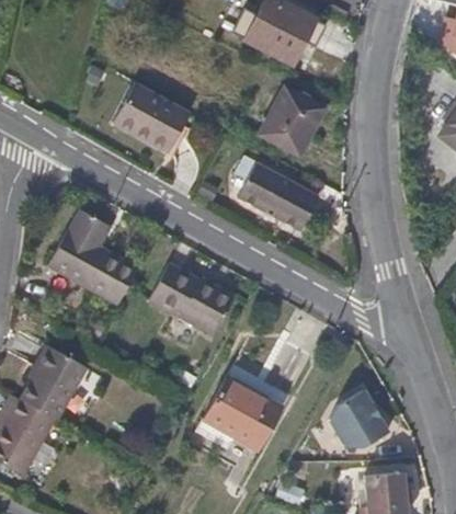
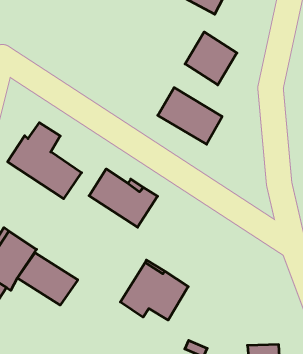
building: [109,81,189,151] -> none
building: none -> [17,253,78,305]
building: [321,390,383,450] -> none

